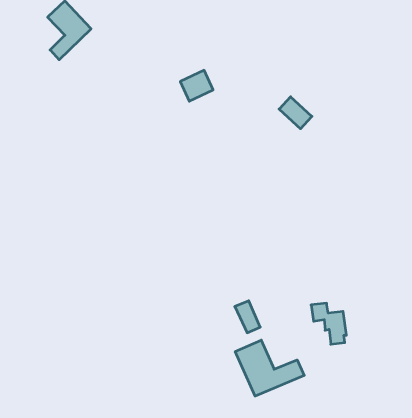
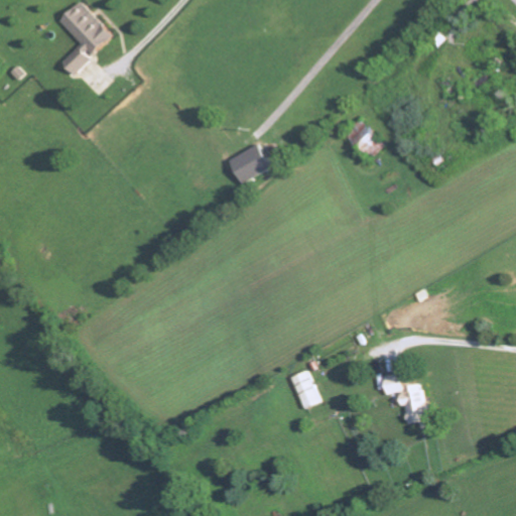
building: [180,70,213,101] -> [228,144,268,182]
building: [235,340,304,396] -> none

